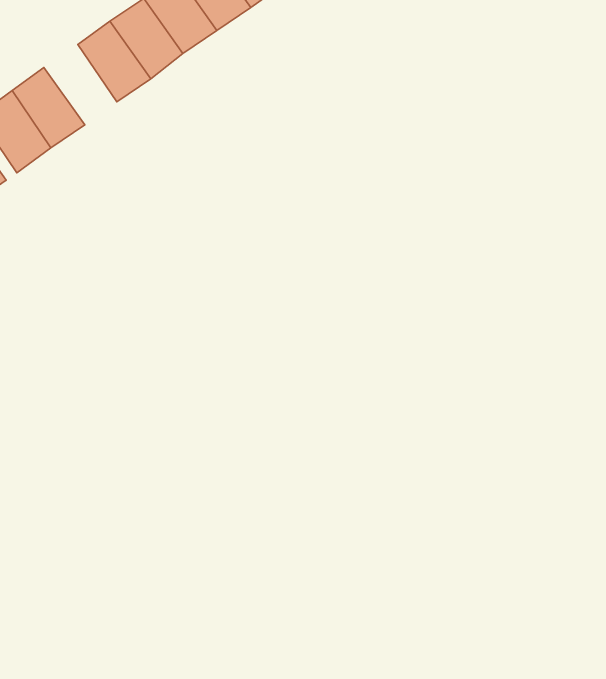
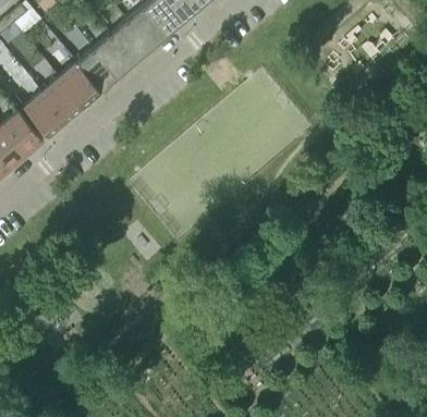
building: none -> [58,63,99,107]

